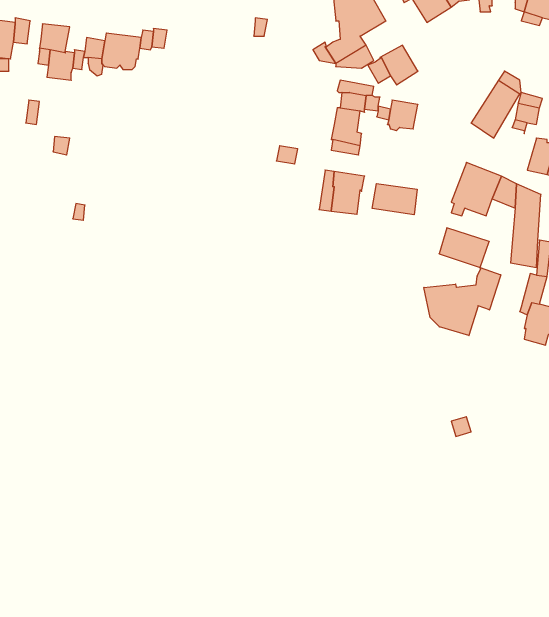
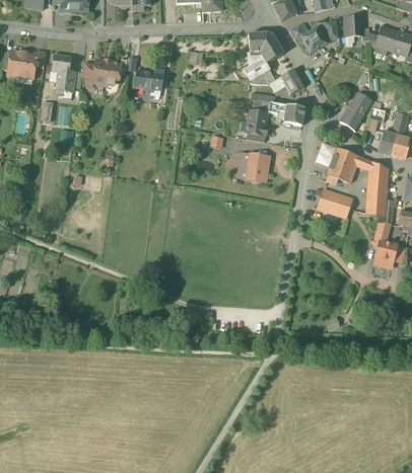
building: none -> [135,68,163,92]
building: [372,184,417,215] -> none
building: [424,267,501,336] -> none

